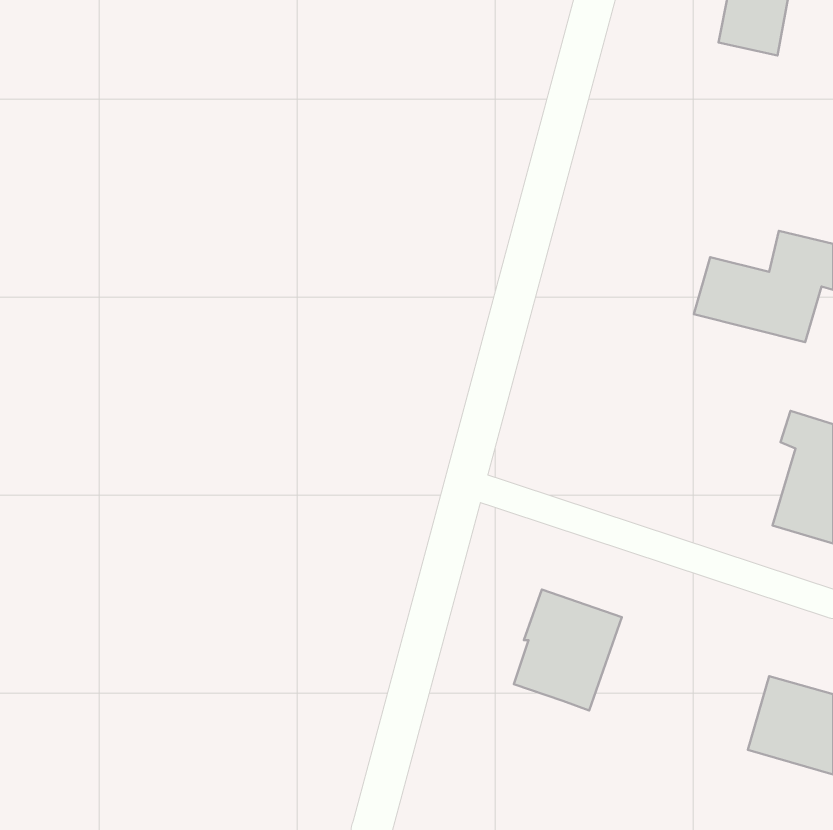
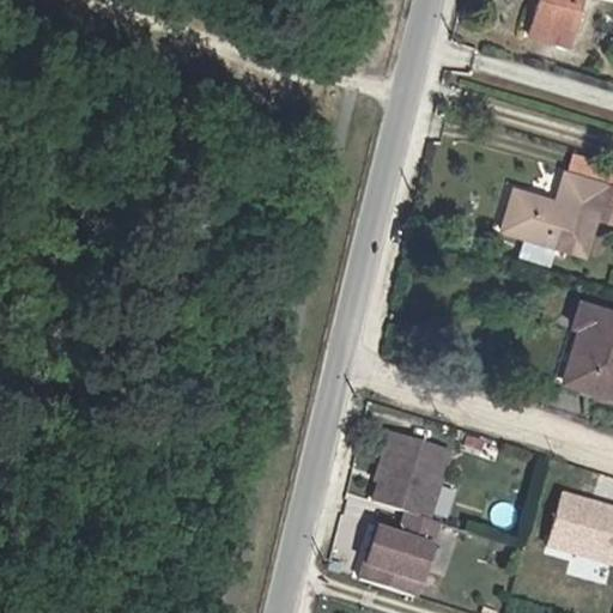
building: none -> [363,512,442,599]

